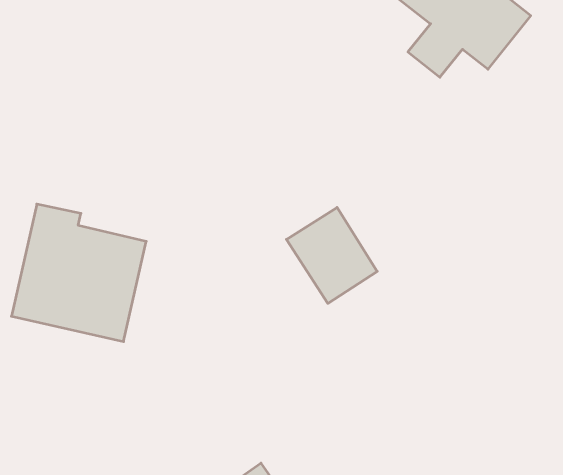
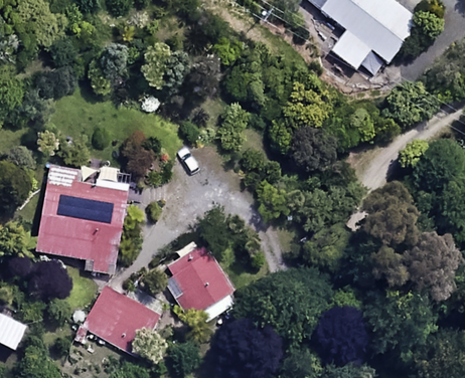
building: [286,207,377,303] -> [165,242,234,315]
building: none -> [81,286,159,355]

